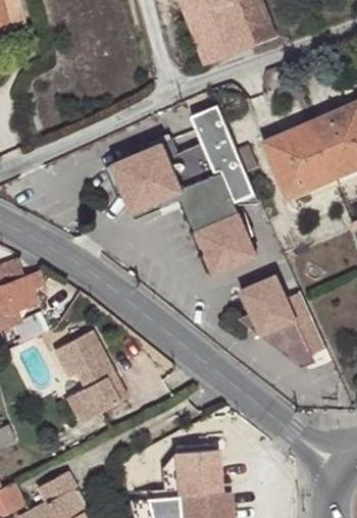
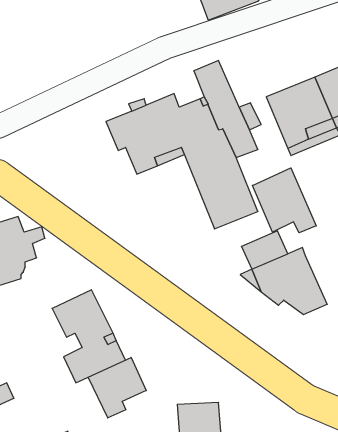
building: none -> [252,168,316,233]
building: none -> [88,357,146,418]

